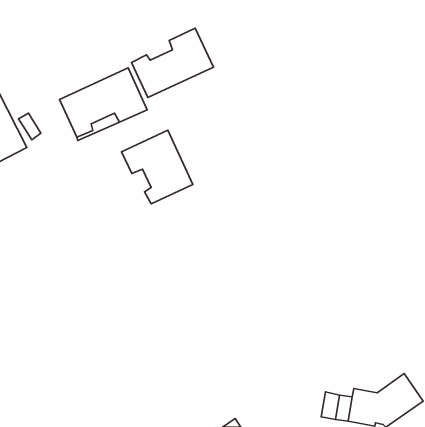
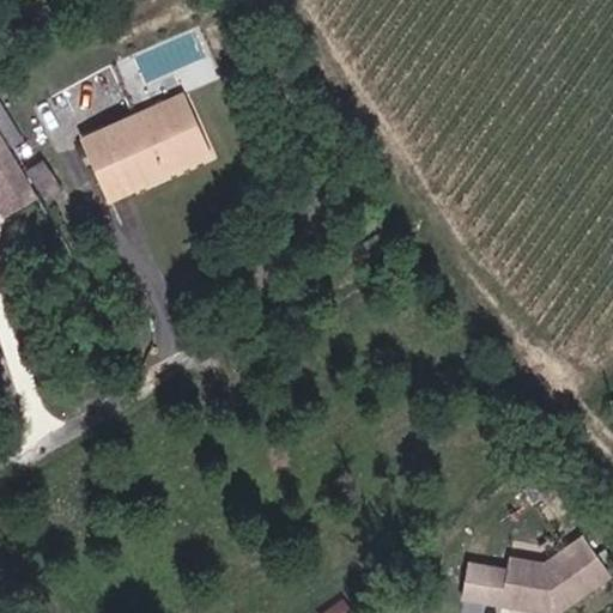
building: [132,28,213,98] -> none
building: [121,130,193,204] -> none

